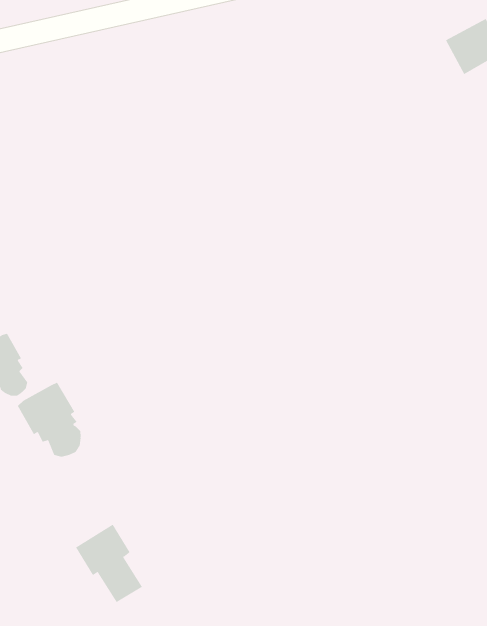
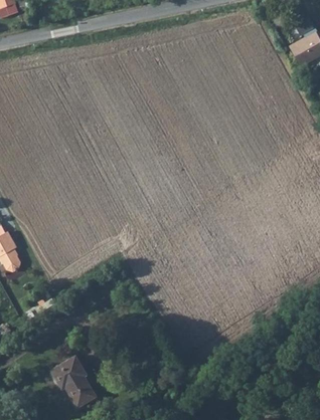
building: [17,382,81,458] -> none

